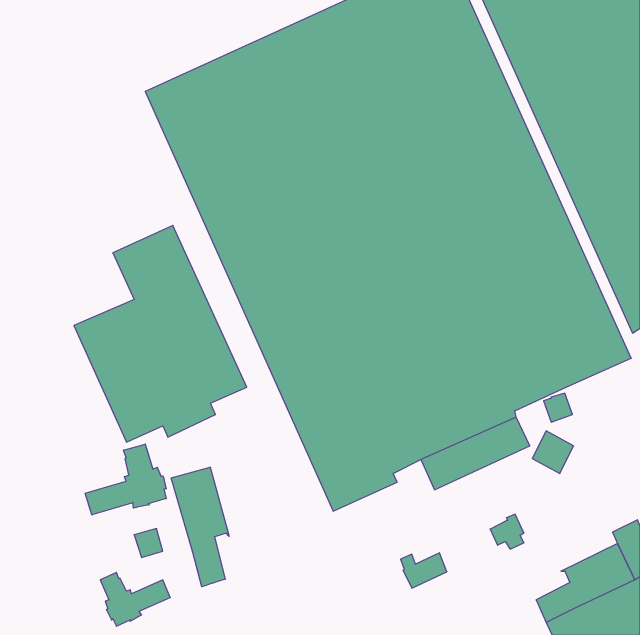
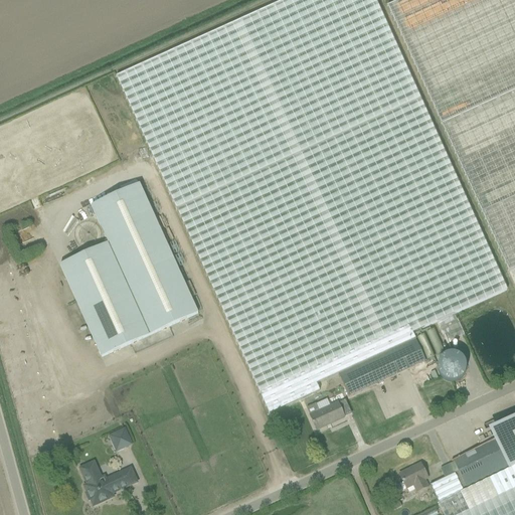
building: [85,444,166,515] -> none
building: [171,467,229,587] -> none
building: [490,514,524,549] -> [400,461,427,489]
building: [401,553,447,588] -> [307,399,344,427]

